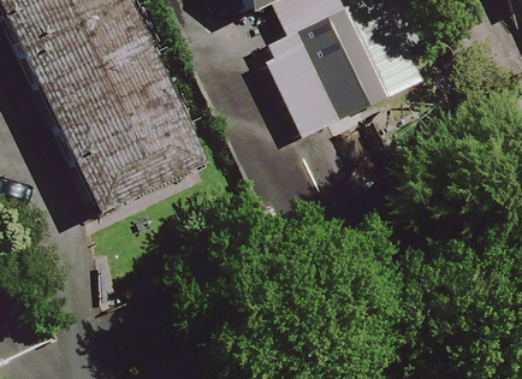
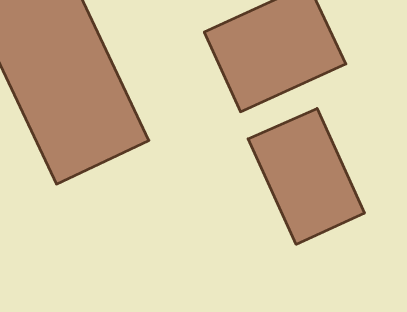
building: none -> [248,108,364,244]

